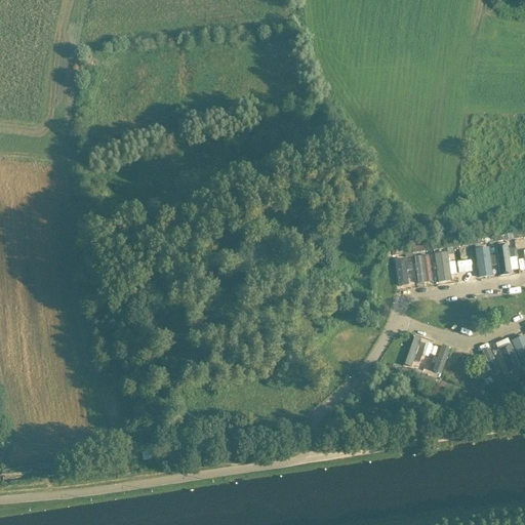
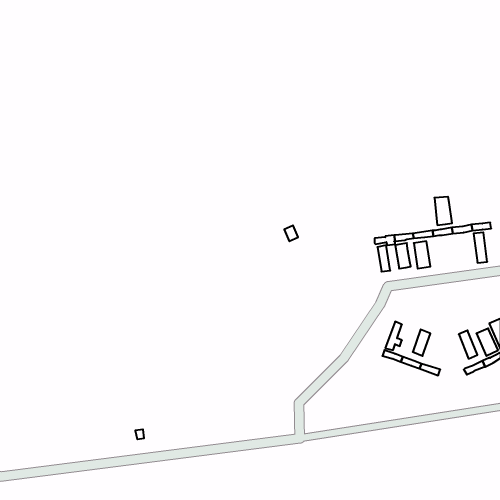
building: [477,245,495,275] -> [434,197,452,225]

